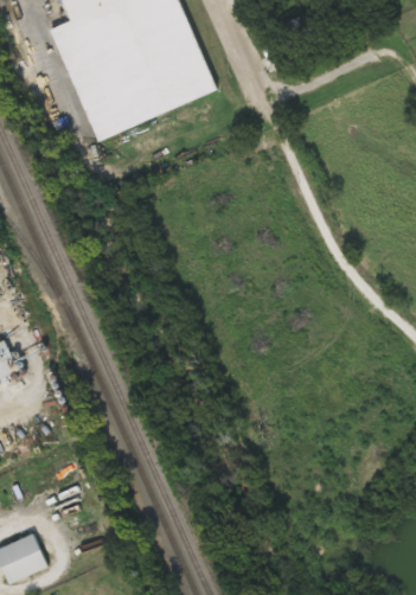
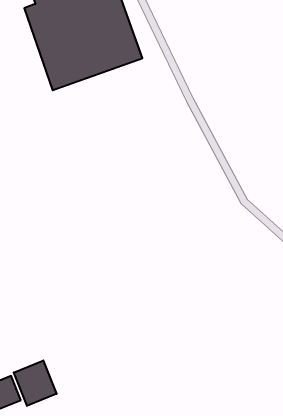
building: none -> [14,360,57,406]

